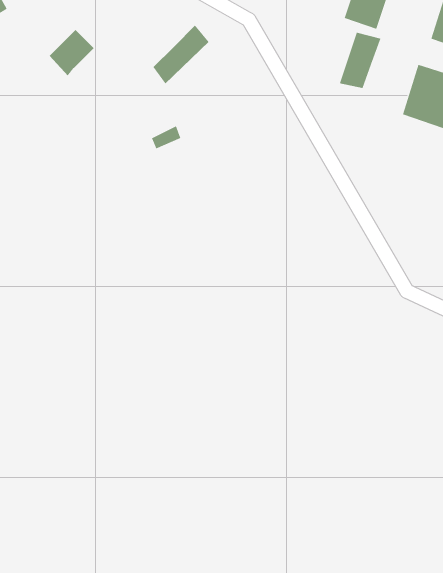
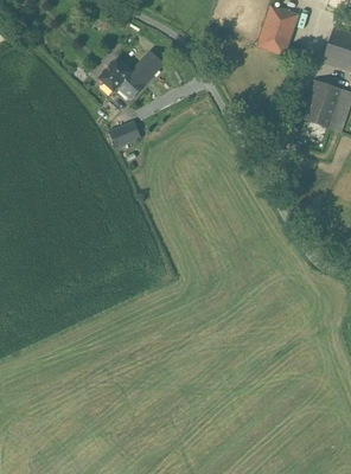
building: [49,29,95,76] -> [97,53,132,89]
building: [339,32,381,89] -> none

